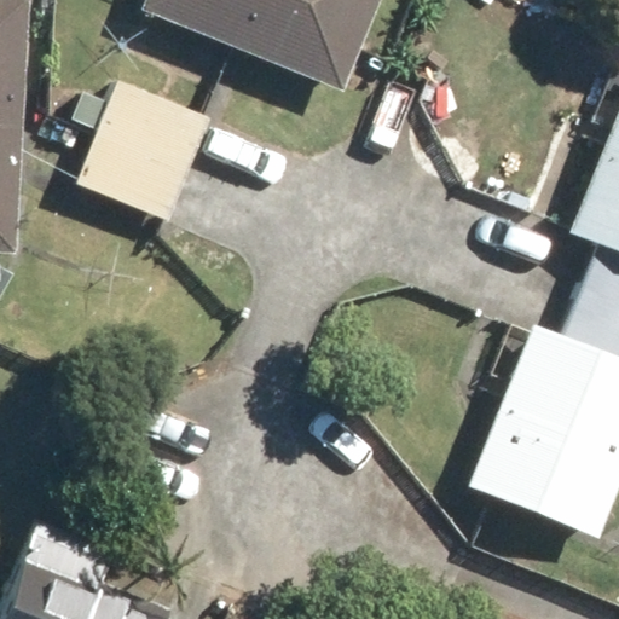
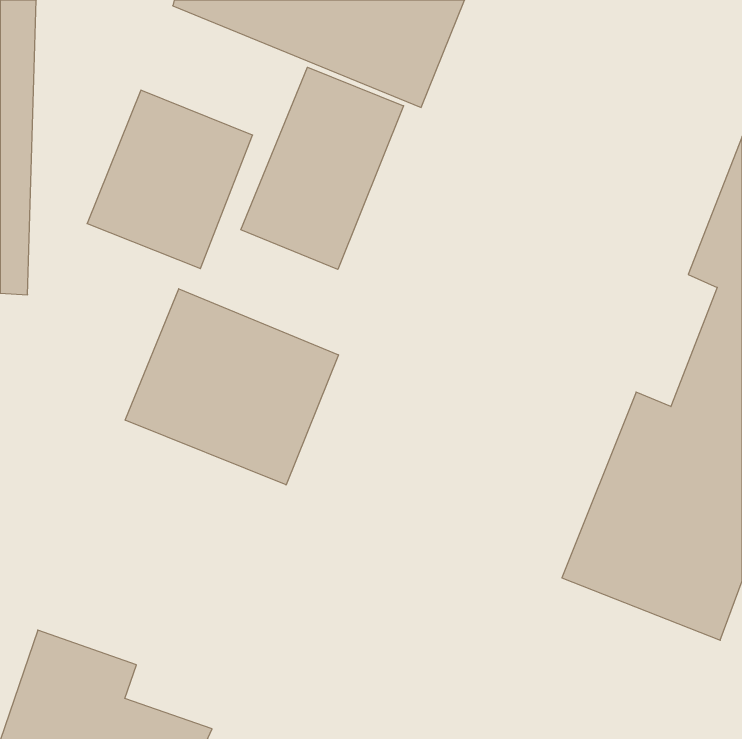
building: none -> [241,67,404,269]
building: none -> [125,289,338,485]

